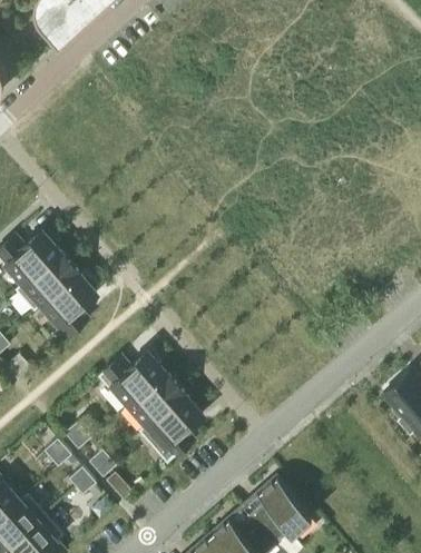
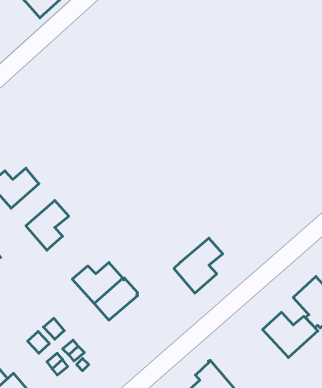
building: [16,251,79,312] -> none
building: [140,394,203,464] -> [174,238,223,293]
building: none -> [263,312,318,358]

